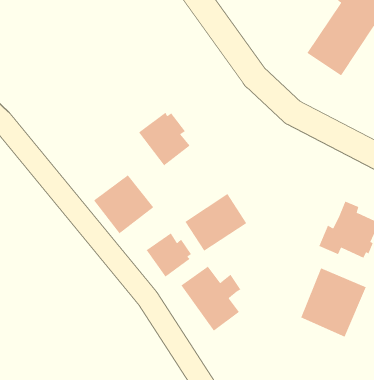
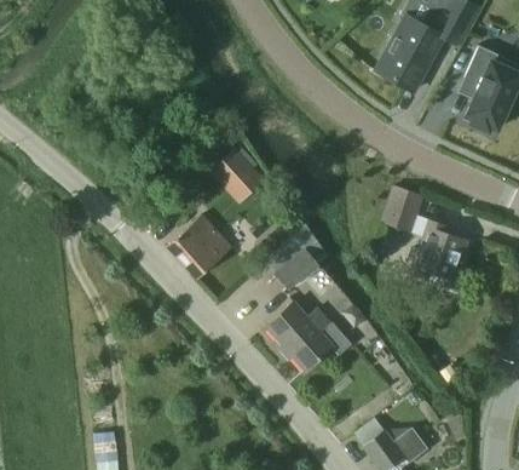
building: none -> [380,185,422,233]
building: [146,233,192,277] -> none
building: [301,268,366,337] -> none

